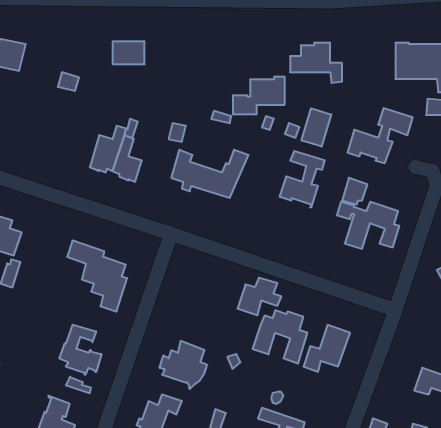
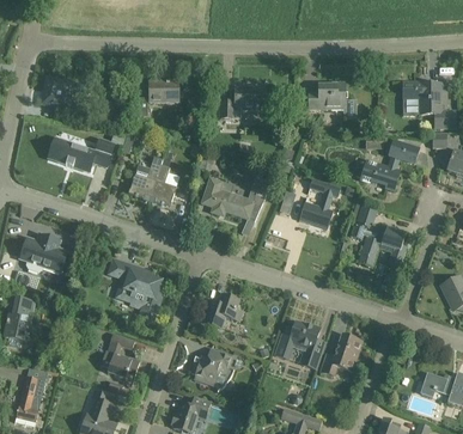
building: [233,77,285,114] -> [218,84,264,117]
building: none -> [55,137,114,170]
building: [302,108,331,147] -> none
building: [237,278,281,315] -> [202,294,242,328]

